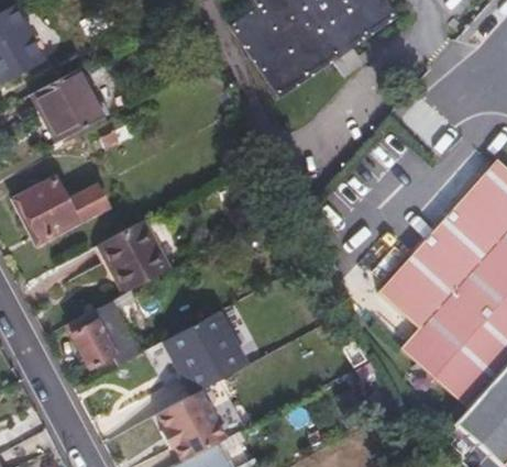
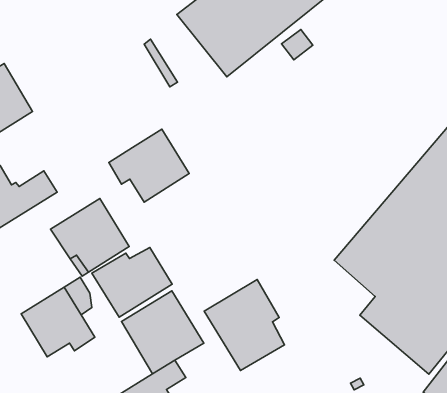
building: none -> [109,129,189,202]
building: none -> [92,247,172,317]
building: none -> [204,280,285,371]

